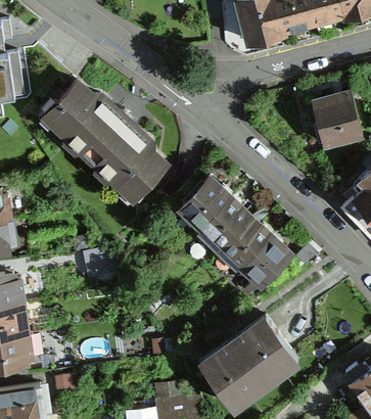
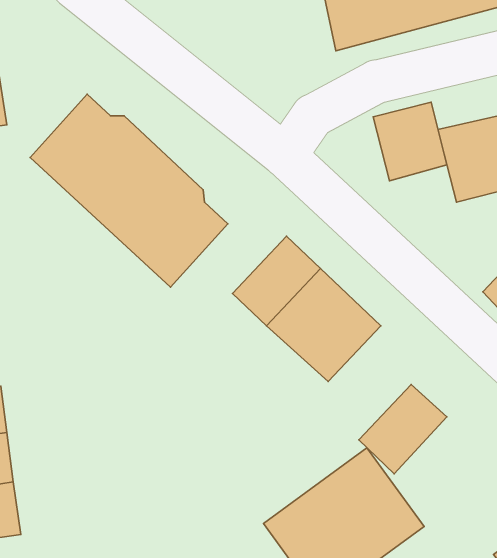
building: none -> [373,102,447,181]
building: [238,233,296,292] -> [359,384,447,474]

